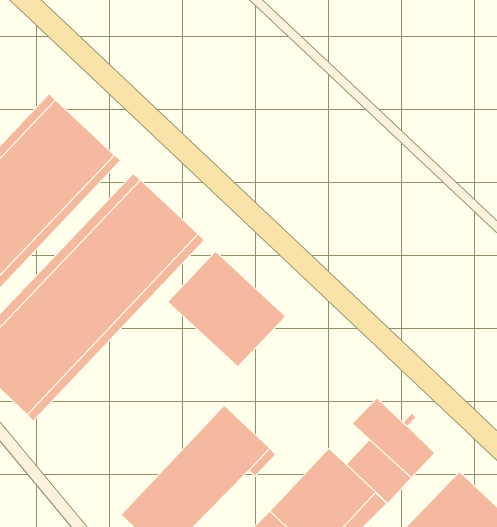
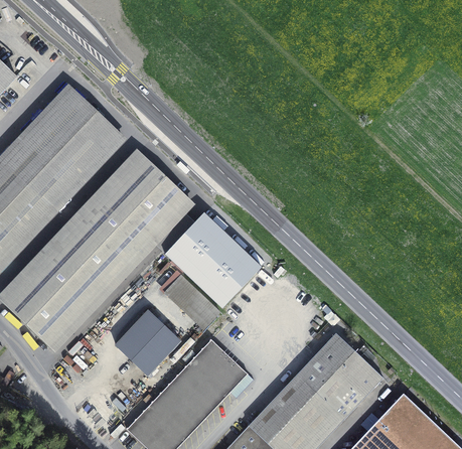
building: none -> [164,276,219,329]
building: none -> [115,311,179,376]
building: none -> [296,354,329,388]

